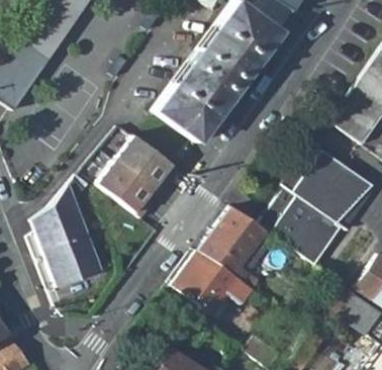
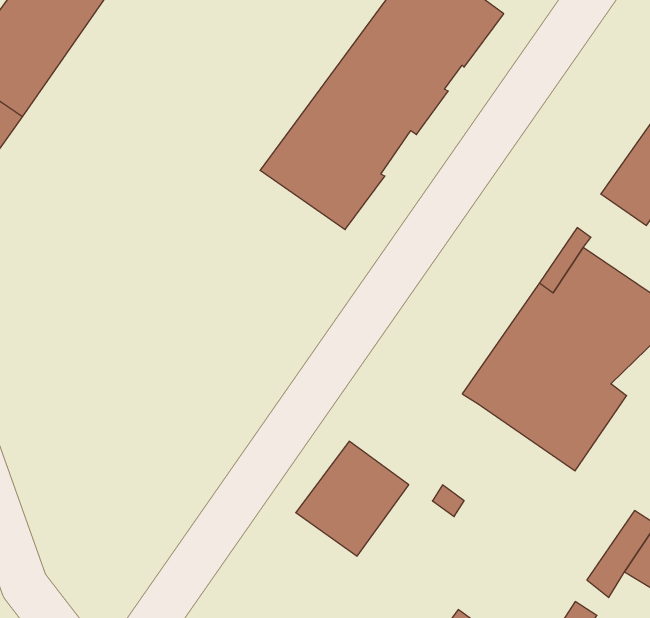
building: [99,131,185,217] -> none
building: [31,179,102,287] -> none
building: [201,206,267,274] -> none

